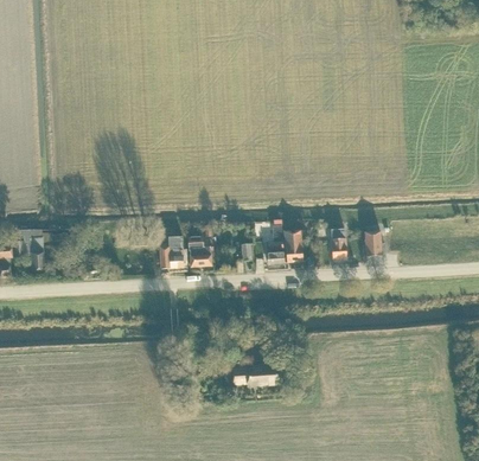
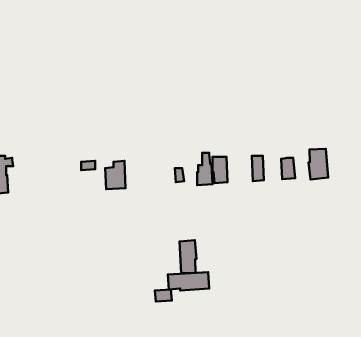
building: none -> [309,149,328,180]
building: [187,236,211,267] -> none
building: none -> [179,240,196,273]

